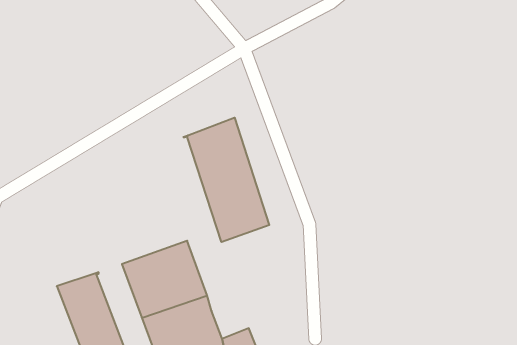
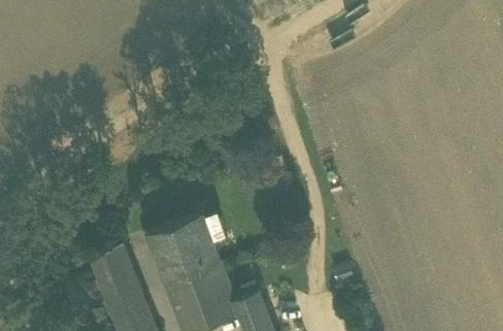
building: [183,118,269,242] -> none

